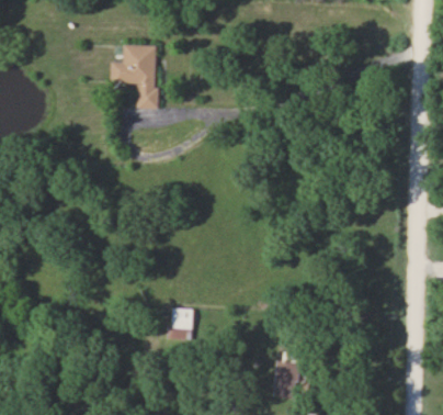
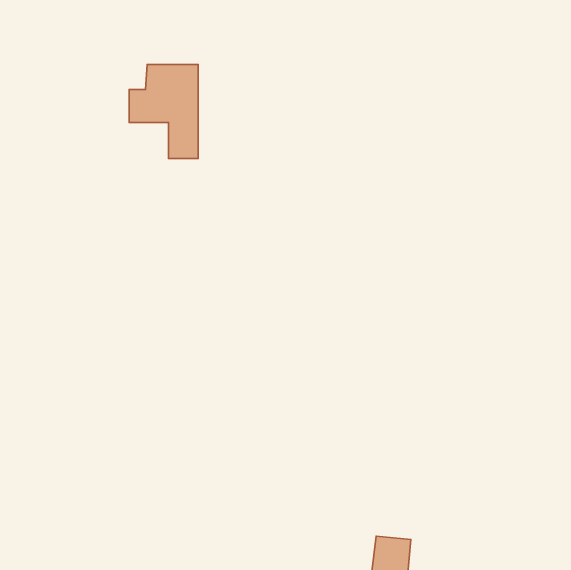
building: [171,309,192,330] -> none

